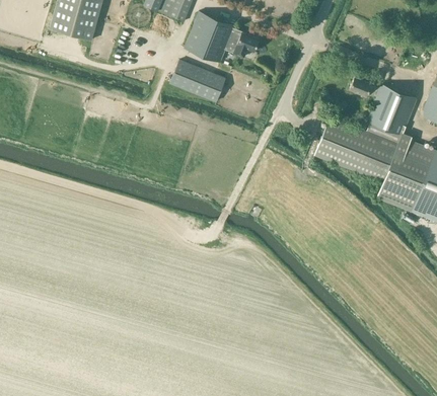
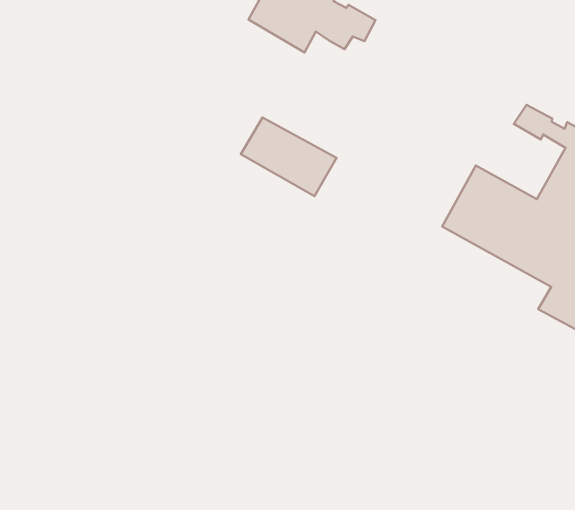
building: [169,60,226,102] -> [241,117,336,196]

